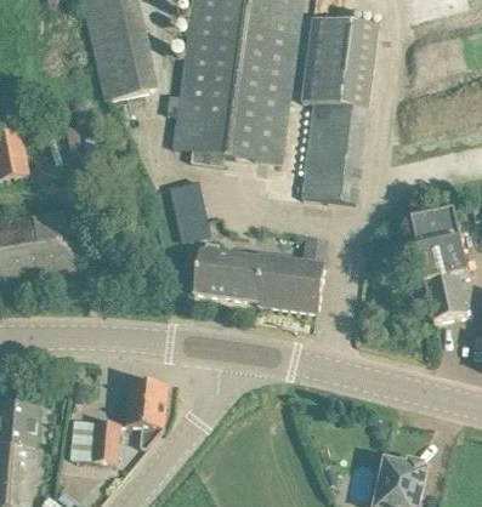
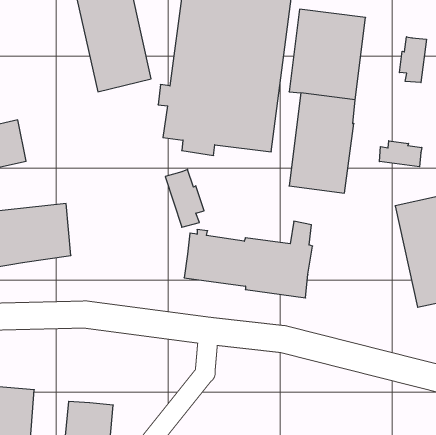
building: none -> [399,37,426,83]
building: none -> [379,141,422,167]
building: [125,380,166,446] -> none

